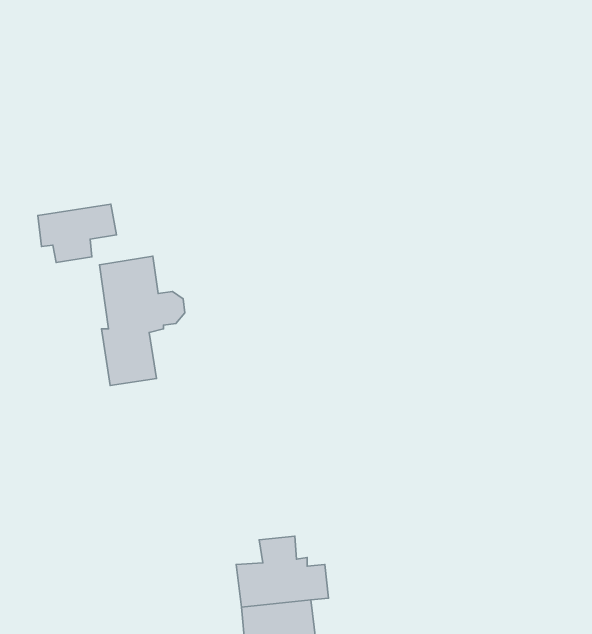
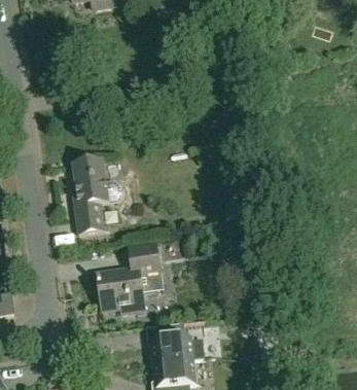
building: [38,204,116,262] -> none
building: none -> [97,244,163,313]

